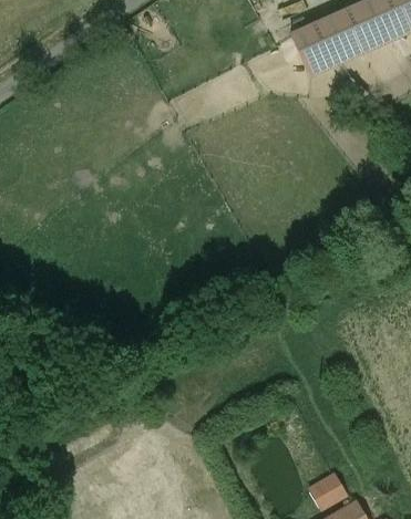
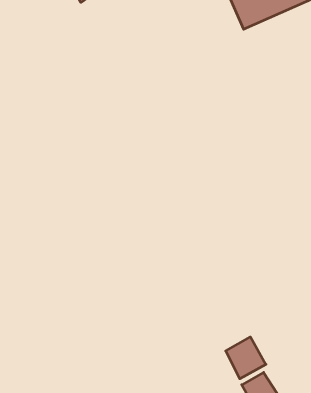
building: none -> [226,337,266,379]

